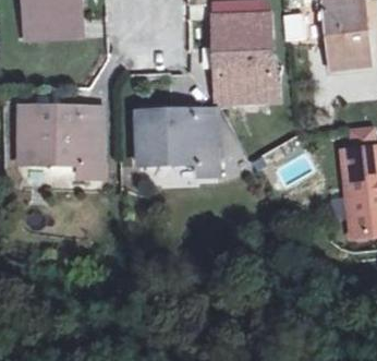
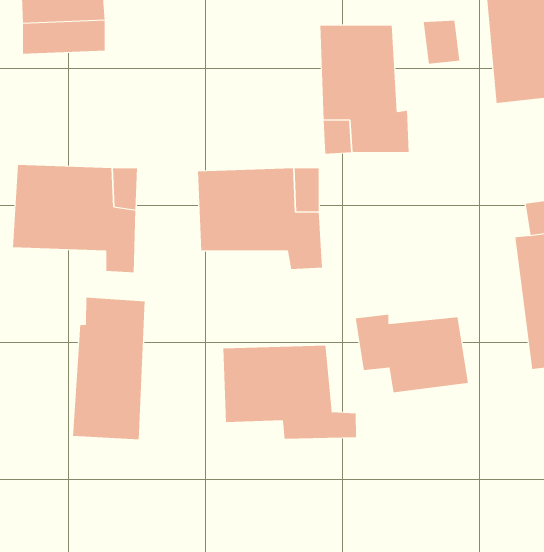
building: none -> [73,297,145,440]
building: none -> [355,314,469,393]
building: none -> [223,345,356,439]

